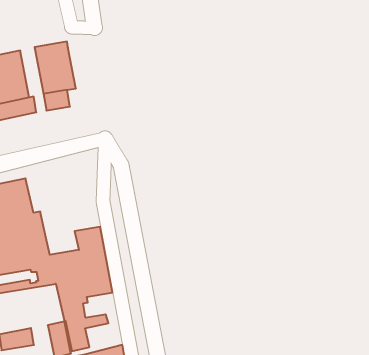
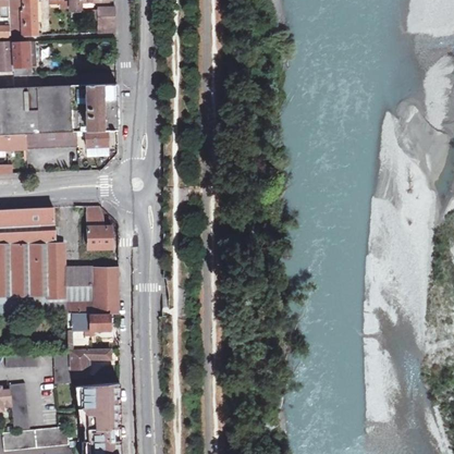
building: none -> [82,217,111,247]
building: none -> [64,266,94,284]

